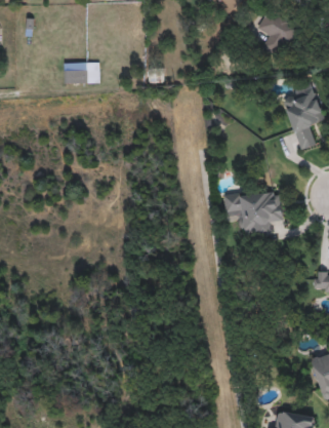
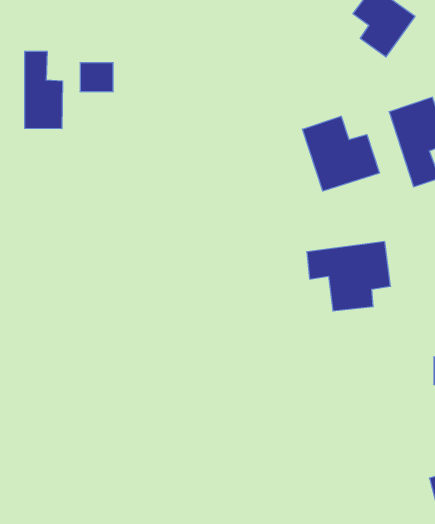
building: none -> [25,51,62,129]
building: none -> [302,116,379,191]

